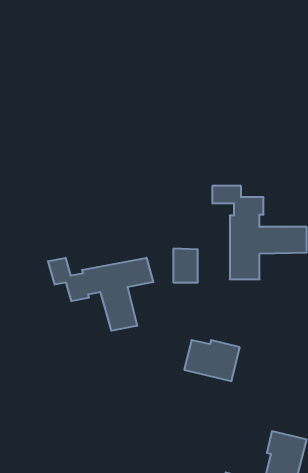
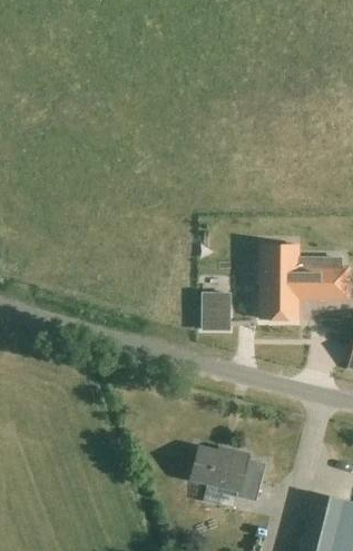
building: [48,258,153,331] -> none
building: [184,340,240,381] -> [190,449,251,493]

